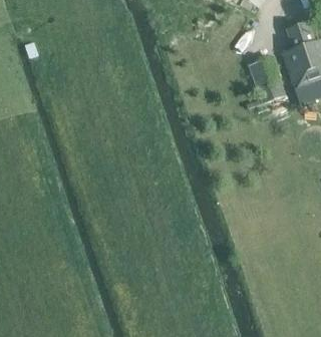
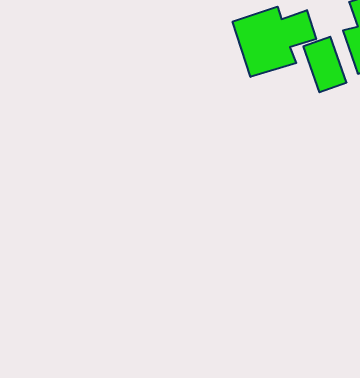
building: none -> [233,7,316,77]

